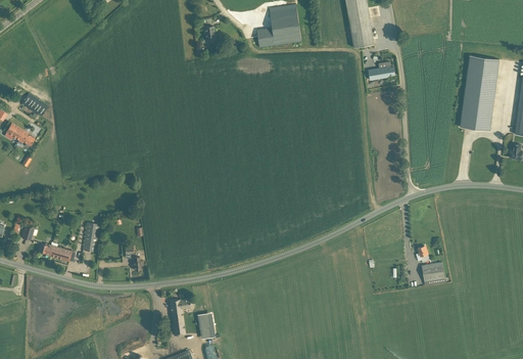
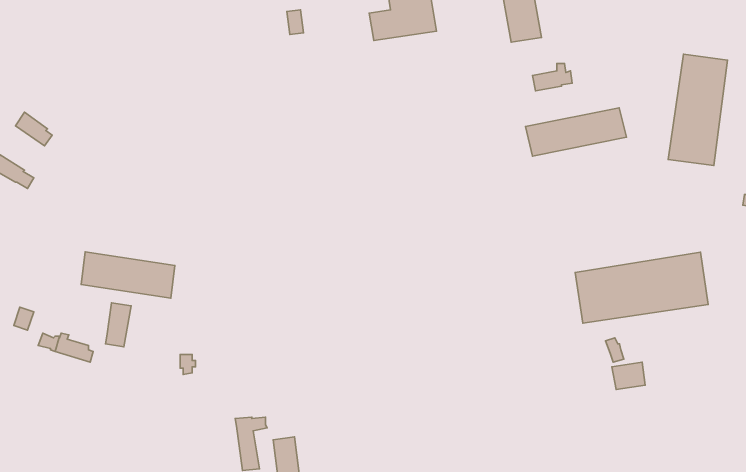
building: none -> [526,108,626,156]
building: none -> [81,252,175,298]
building: none -> [575,252,708,323]

